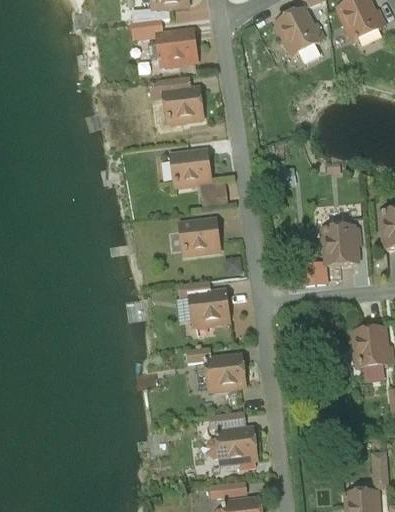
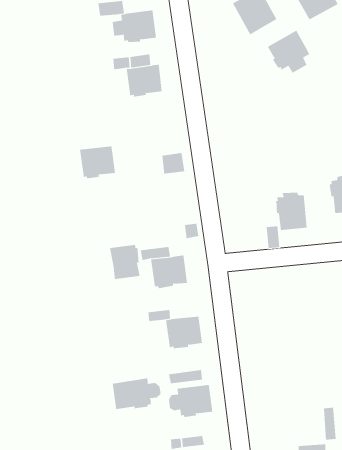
building: none -> [267,30,310,73]
building: [171,152,210,187] -> [79,146,116,179]
building: [180,220,219,254] -> none
building: none -> [110,244,140,280]
building: [353,329,388,368] -> none
building: none -> [112,378,161,410]

